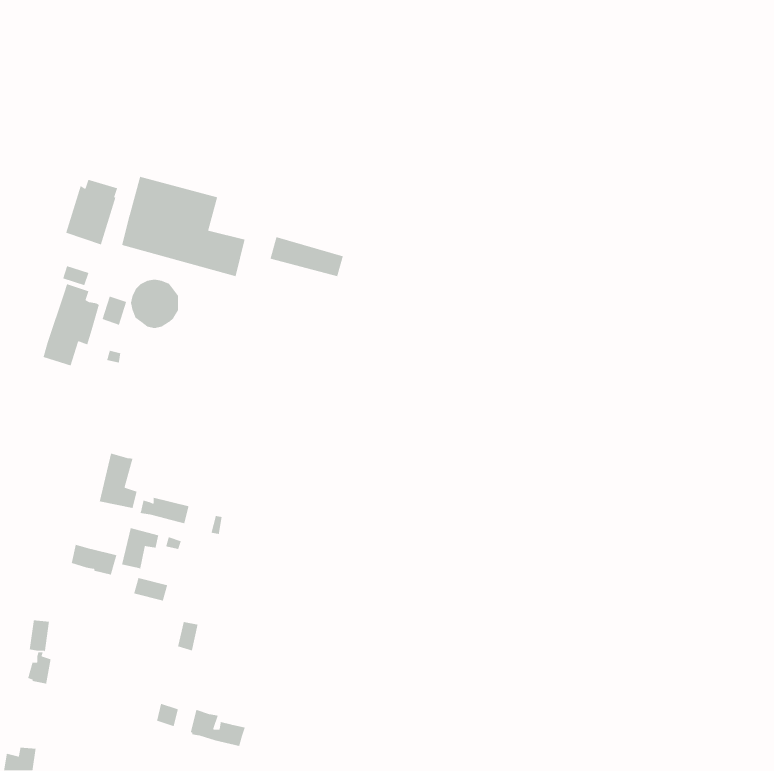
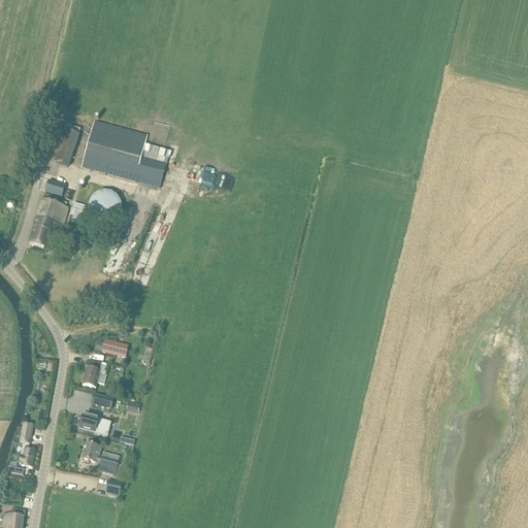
building: [99,453,138,509] -> none
building: [71,544,118,576] -> [79,414,111,435]
building: [190,709,246,747] -> [82,442,121,468]

